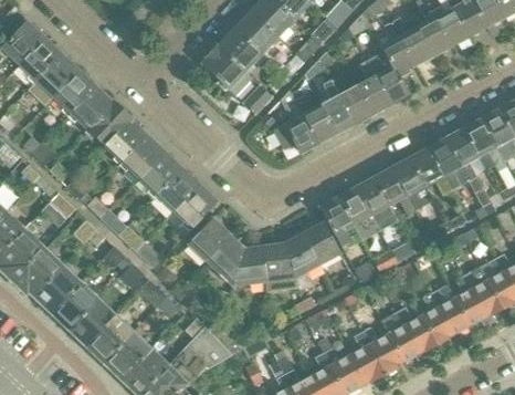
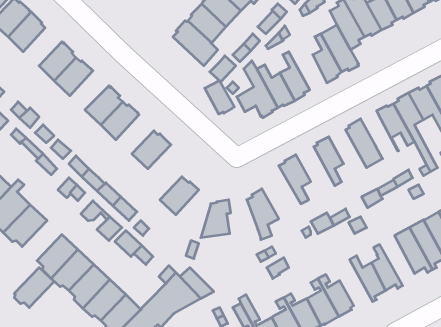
building: [36,54,80,96] -> none
building: [330,75,372,123] -> none
building: [88,102,132,145] -> none
building: none -> [205,81,234,114]
building: [410,148,451,195] -> none
building: [139,150,181,194] -> none
building: [375,167,417,214] -> none
building: [175,184,216,227] -> none
building: [338,186,381,239] -> none
building: [301,222,340,266] -> none
building: [206,233,244,287] -> none
building: [262,242,299,292] -> none
building: [35,268,80,312] -> [14,268,54,308]
building: [424,276,470,340] -> none
building: [382,311,423,362] -> none

